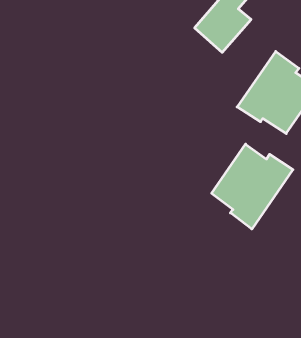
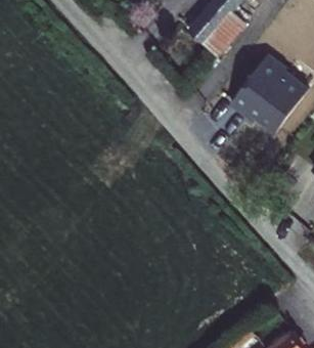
building: [212,144,293,229] -> none

